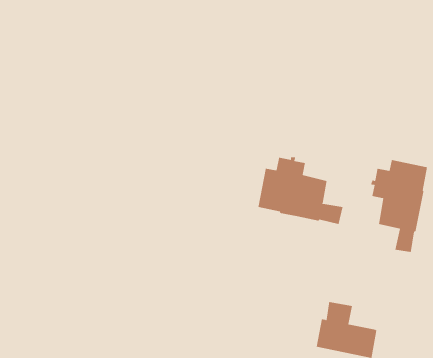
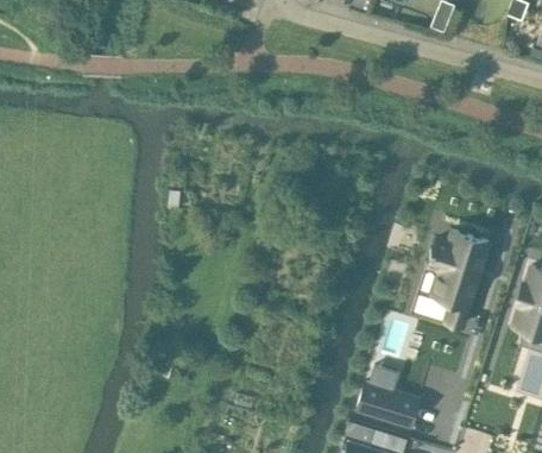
building: [258,156,343,225] -> none

